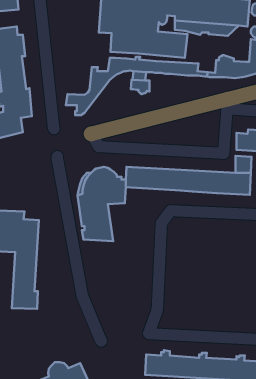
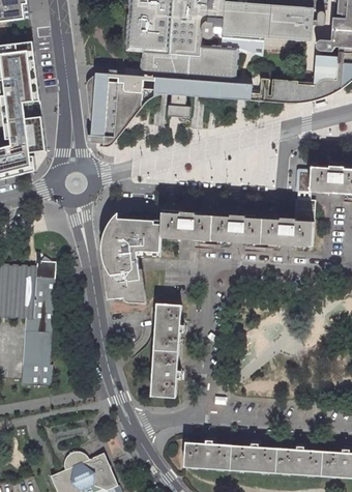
building: none -> [85,75,141,124]
building: none -> [151,303,185,397]

